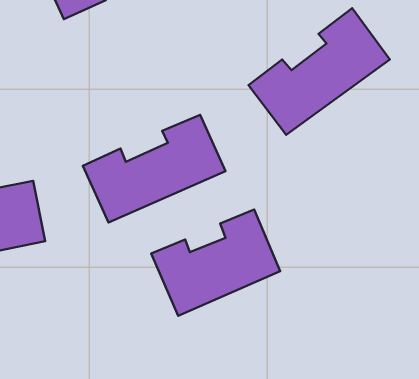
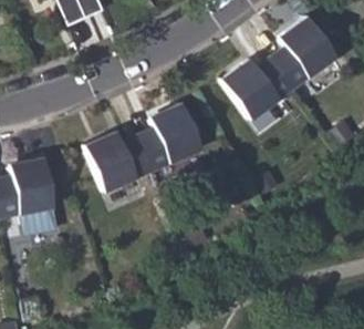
building: [151,209,280,316] -> none

